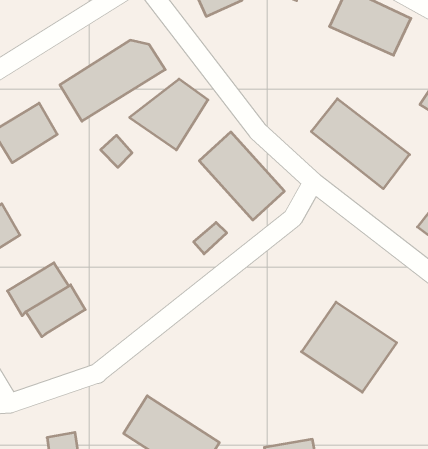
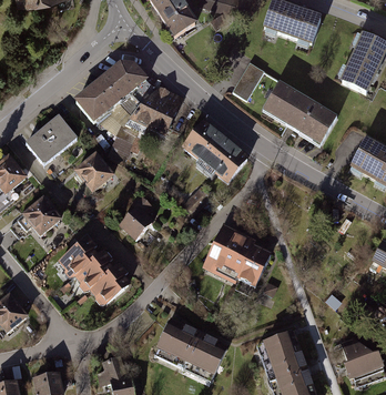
building: none -> [234,63,264,98]
building: none -> [73,154,114,195]
building: none -> [118,198,161,241]
building: [301,302,397,392] -> [202,227,271,291]
building: none -> [89,262,132,303]

